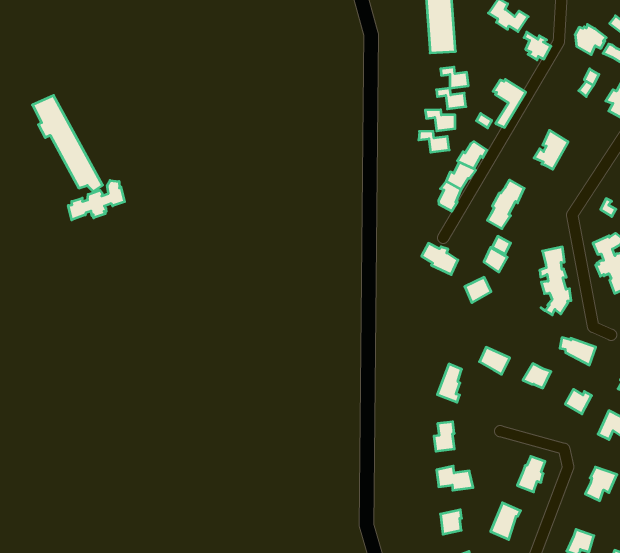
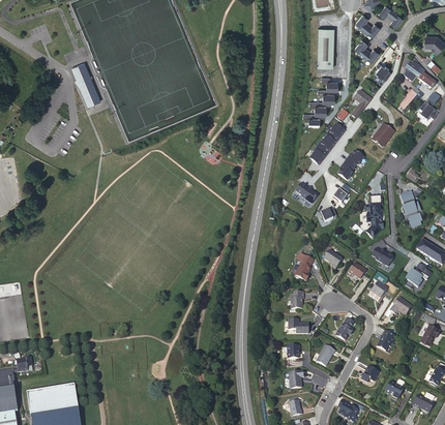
building: [68,180,125,220] -> none

